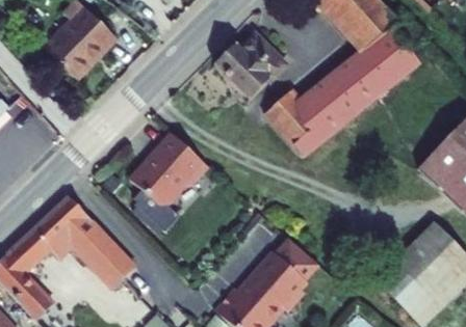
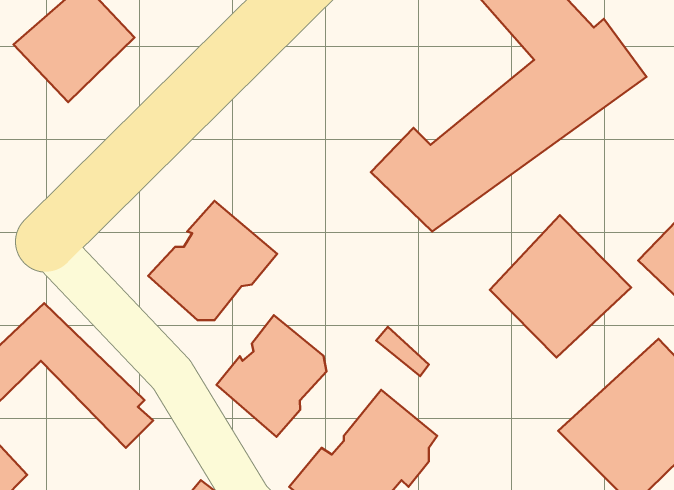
building: [212,39,283,104] -> none
building: none -> [490,215,631,358]
building: none -> [216,315,326,437]

